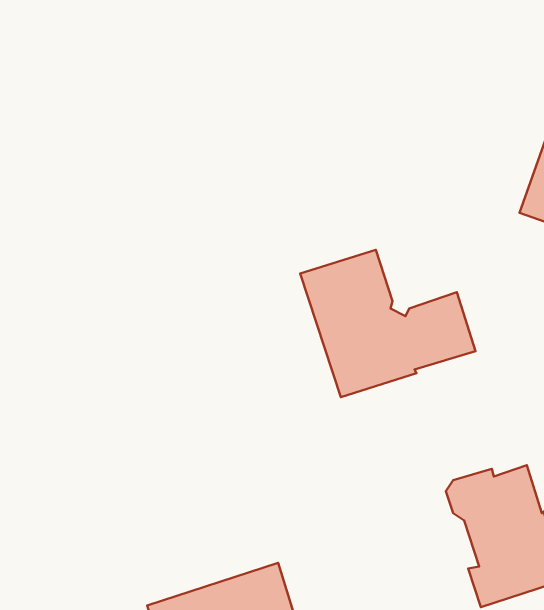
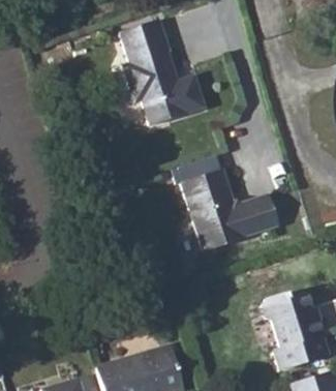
building: none -> [129,32,214,139]

